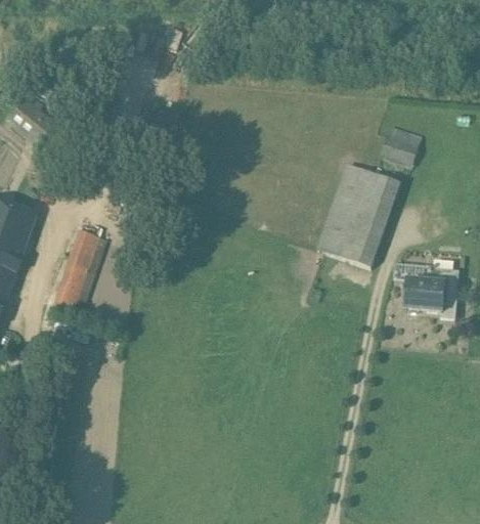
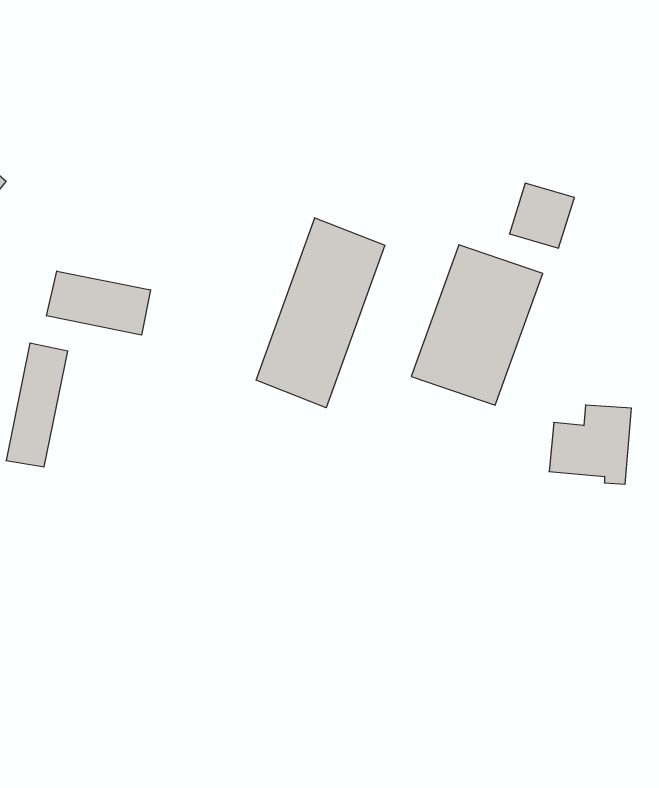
building: none -> [256,218,385,408]
building: none -> [47,271,151,335]

